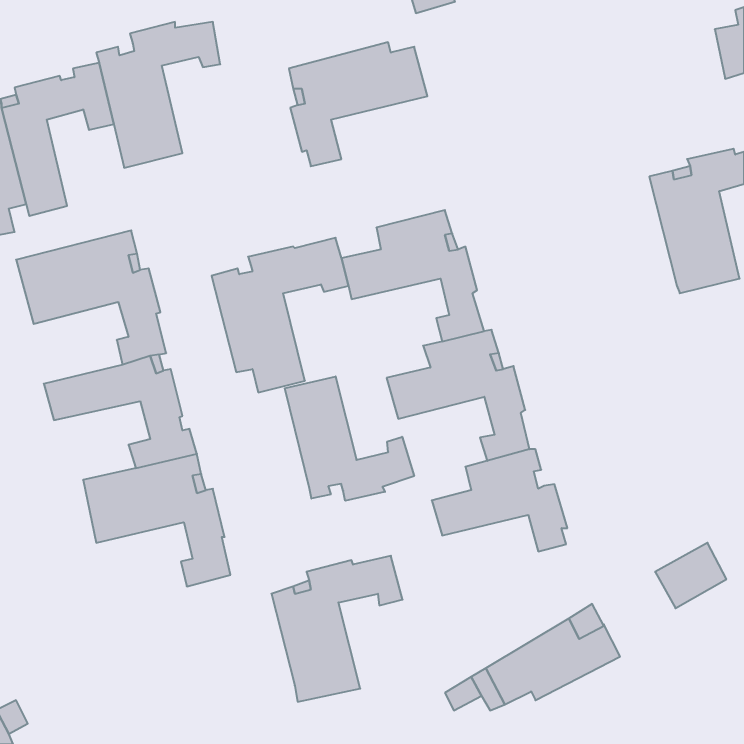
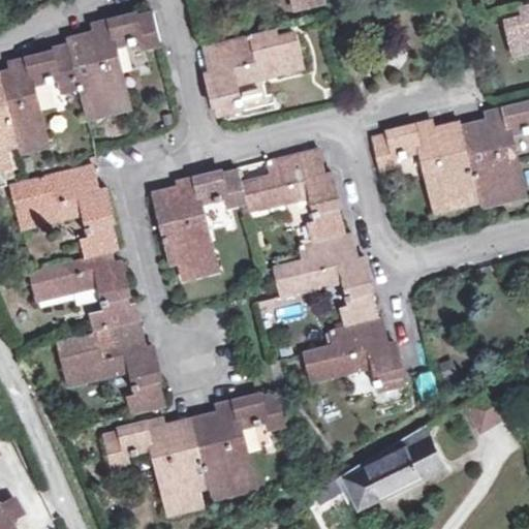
building: none -> [372,121,479,214]
building: [285,376,414,501] -> none
building: none -> [102,418,209,515]

